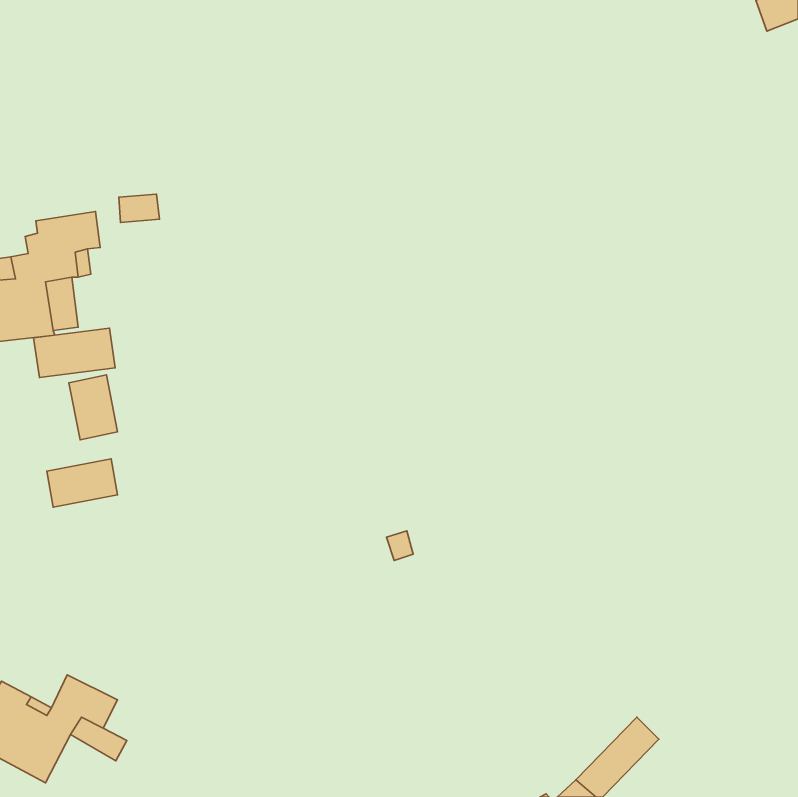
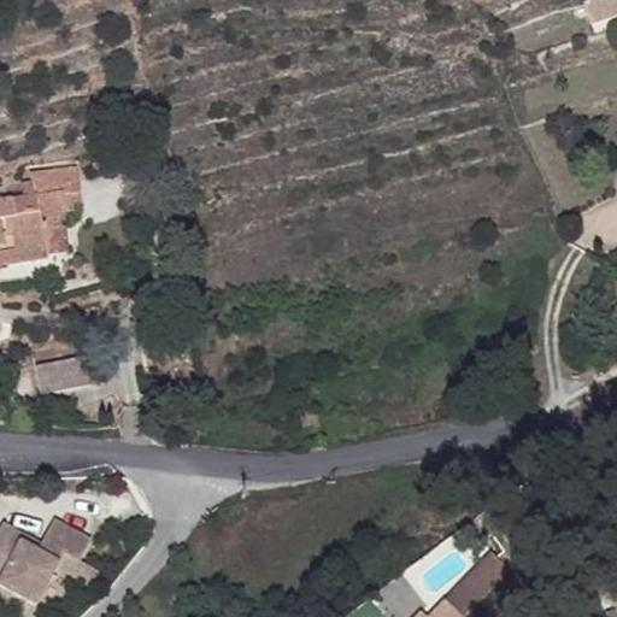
building: [34,328,115,377] -> none
building: [69,375,118,440] -> none

